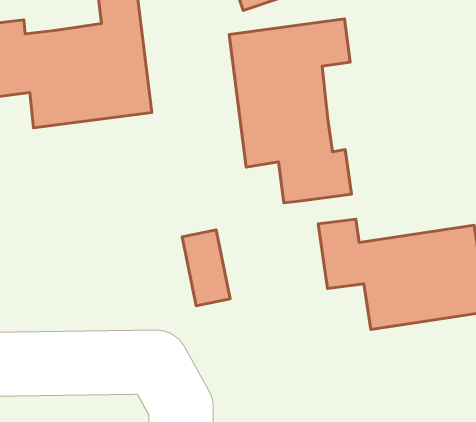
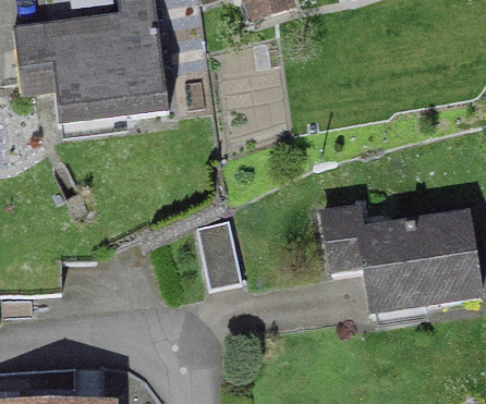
building: [229,19,351,203] -> none

